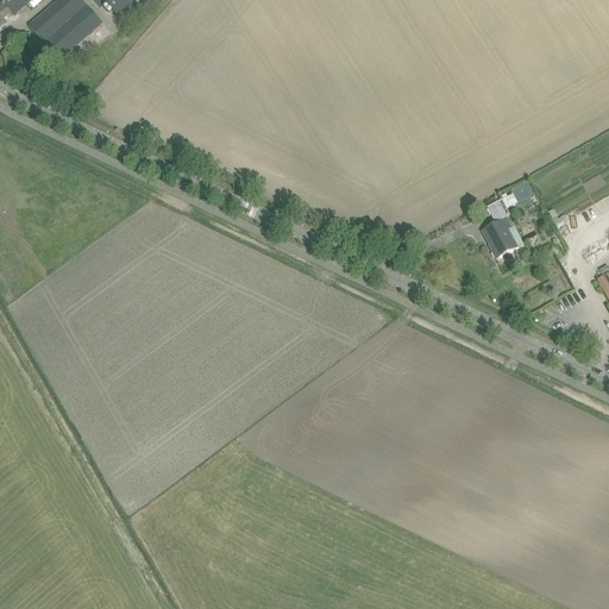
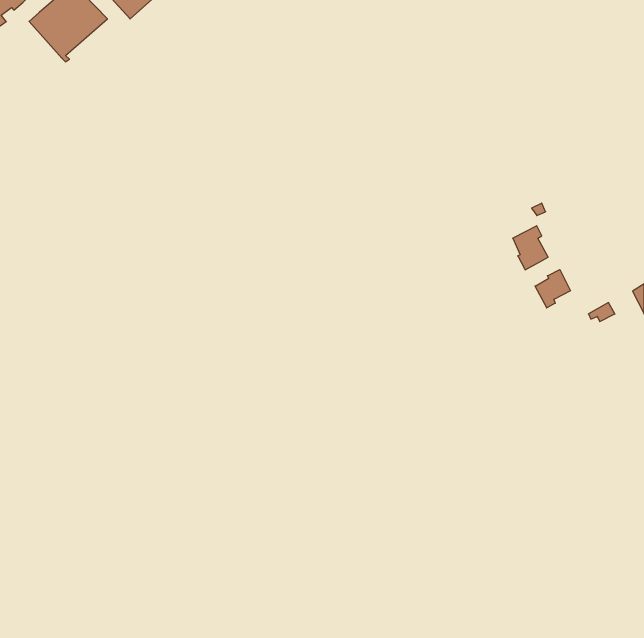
building: none -> [535,270,570,308]

